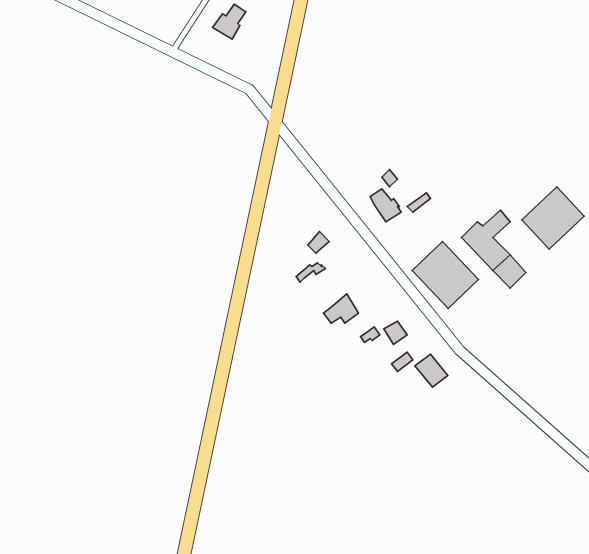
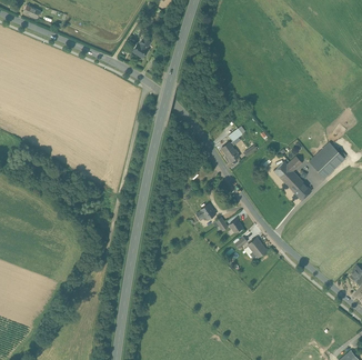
building: [412,241,479,309] -> none

